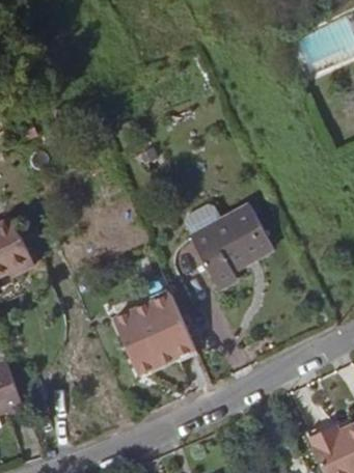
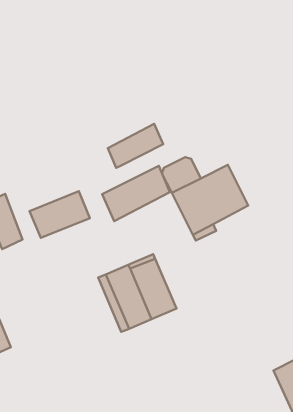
building: none -> [108,124,163,168]
building: none -> [102,166,170,221]
building: none -> [29,191,90,238]

